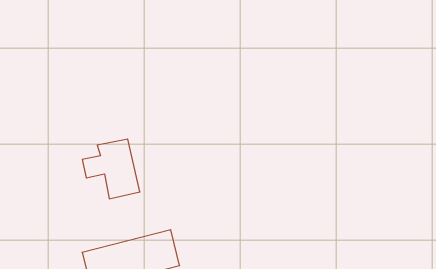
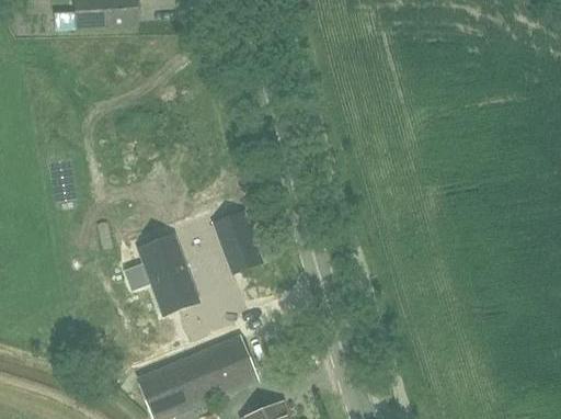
building: none -> [215,213,261,272]

